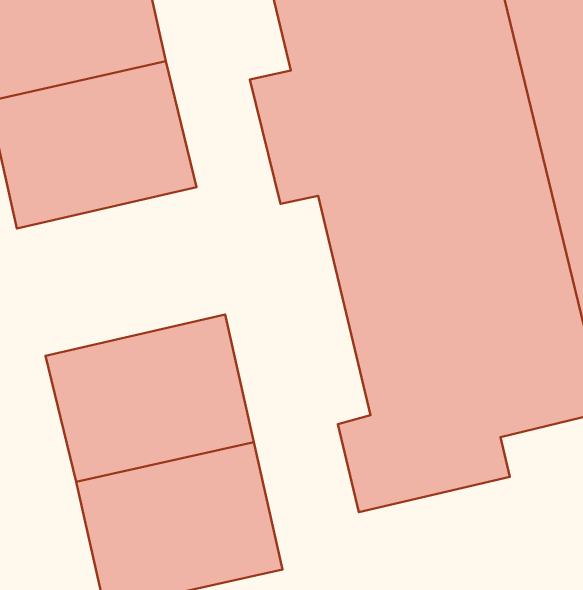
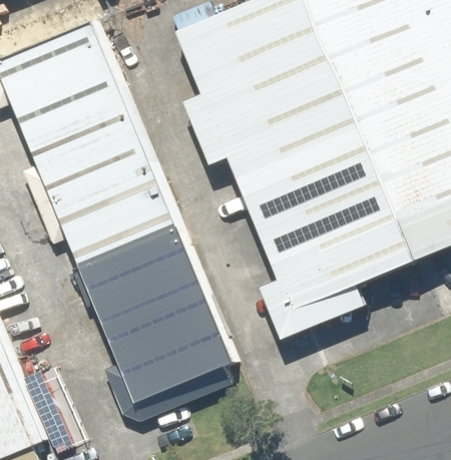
building: none -> [55,164,183,276]

